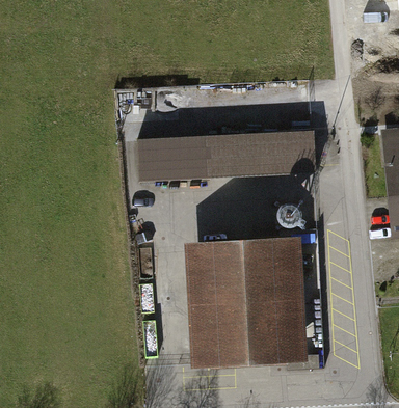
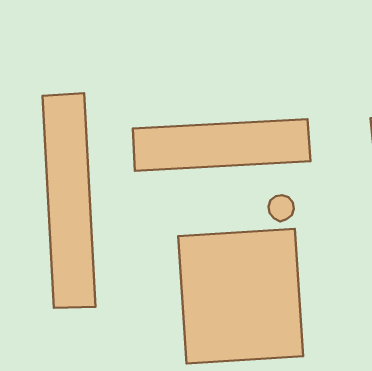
building: none -> [43,93,96,308]

